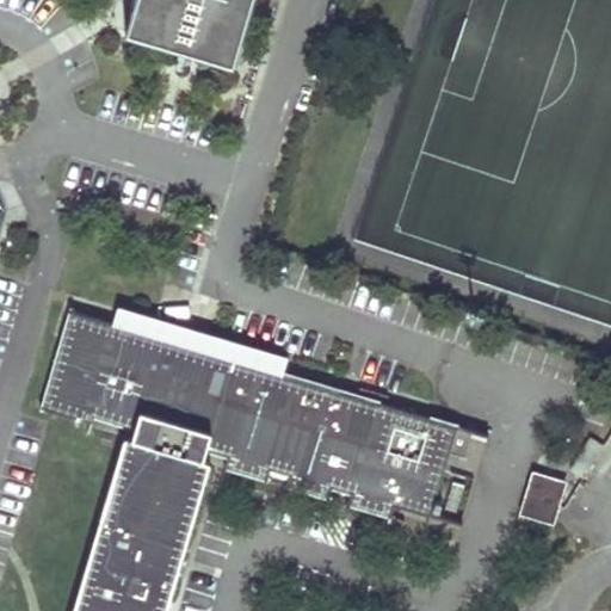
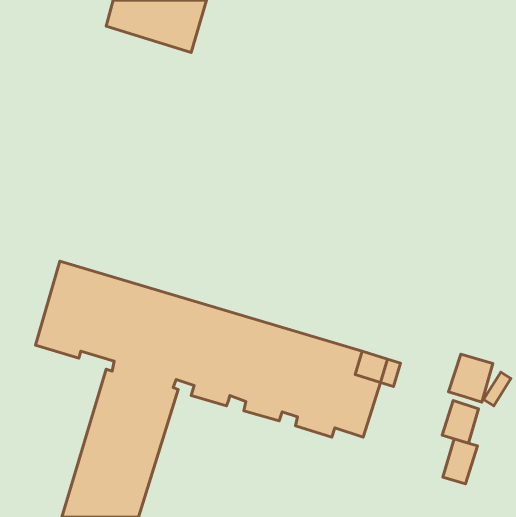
building: none -> [449,354,493,402]
building: none -> [443,439,477,484]

